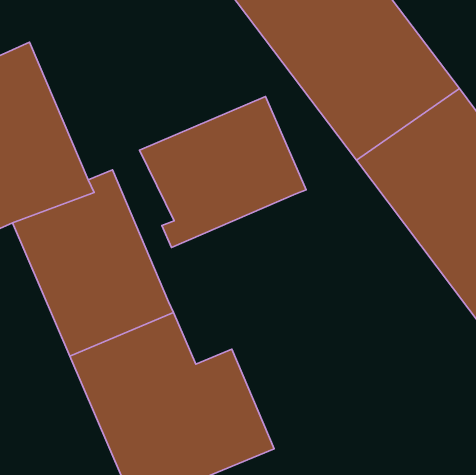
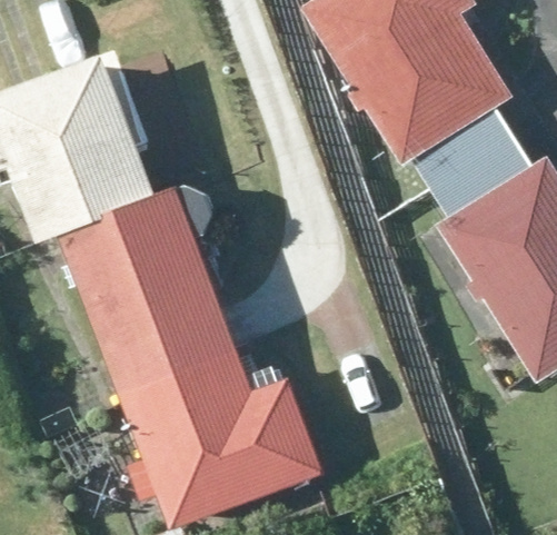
building: [140,96,306,247] -> none

